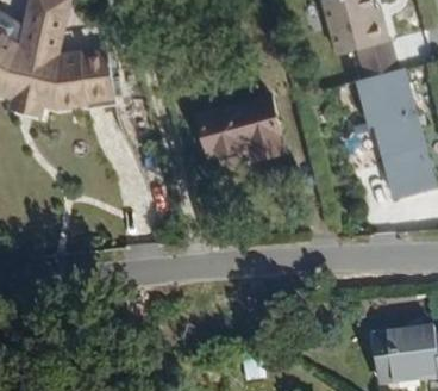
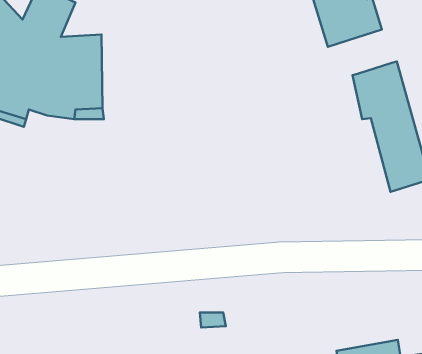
building: [355,36,398,79] -> none
building: [198,97,287,160] -> none

